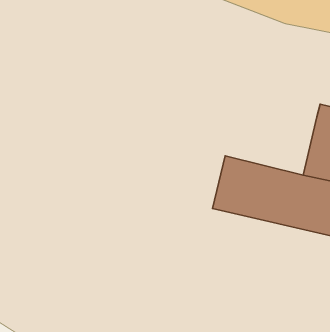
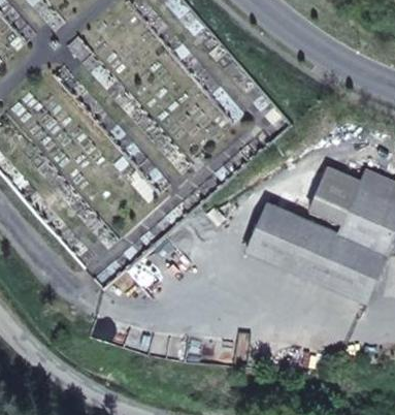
building: none -> [311,167,362,223]

